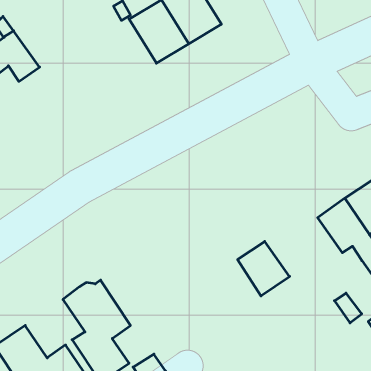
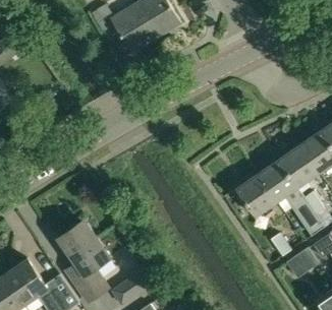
building: [238,241,290,296] -> [235,174,276,216]

